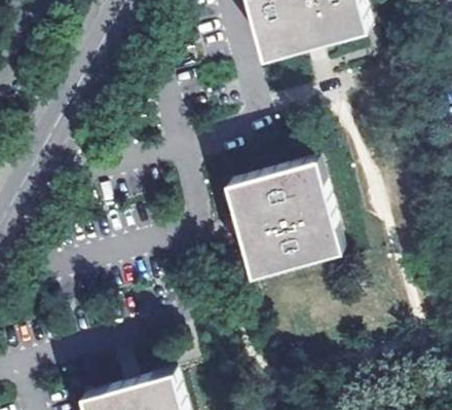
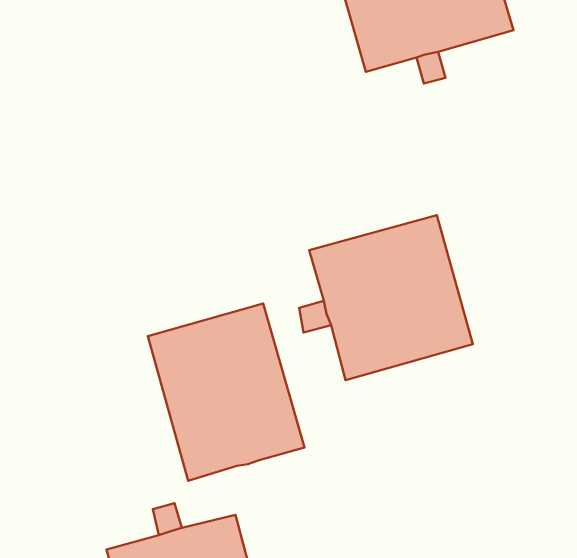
building: none -> [148,304,305,481]

